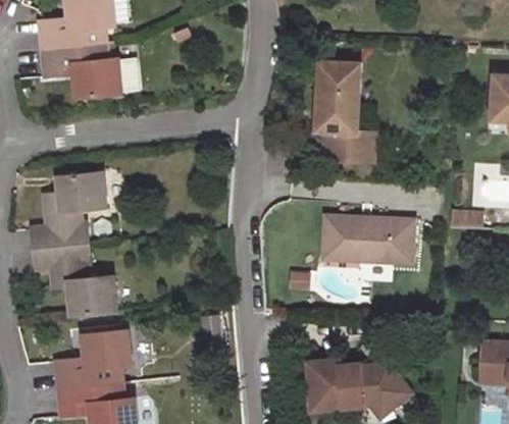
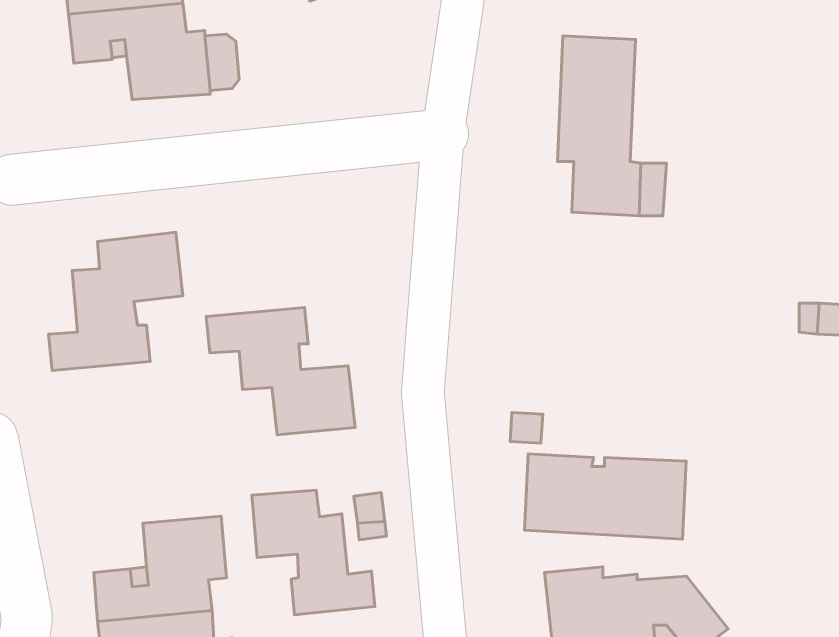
building: [322,216,413,264] -> [524,454,686,539]
building: [32,244,115,315] -> [206,308,355,435]
building: none -> [252,490,375,615]

